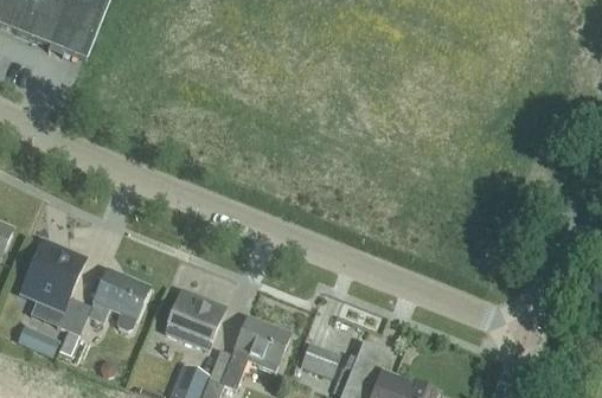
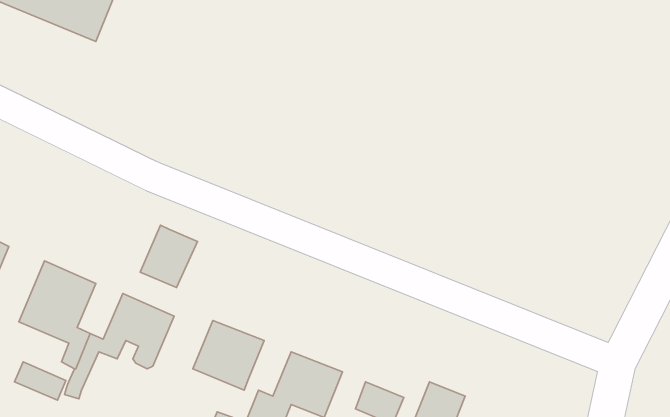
building: none -> [140,225,197,288]

